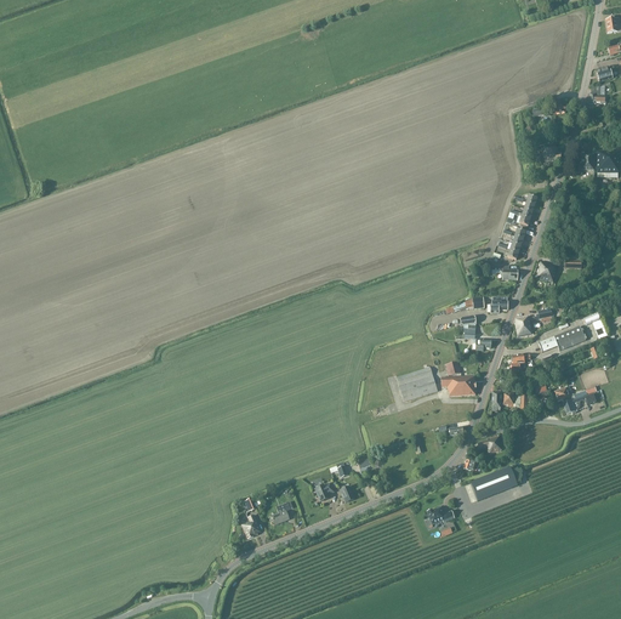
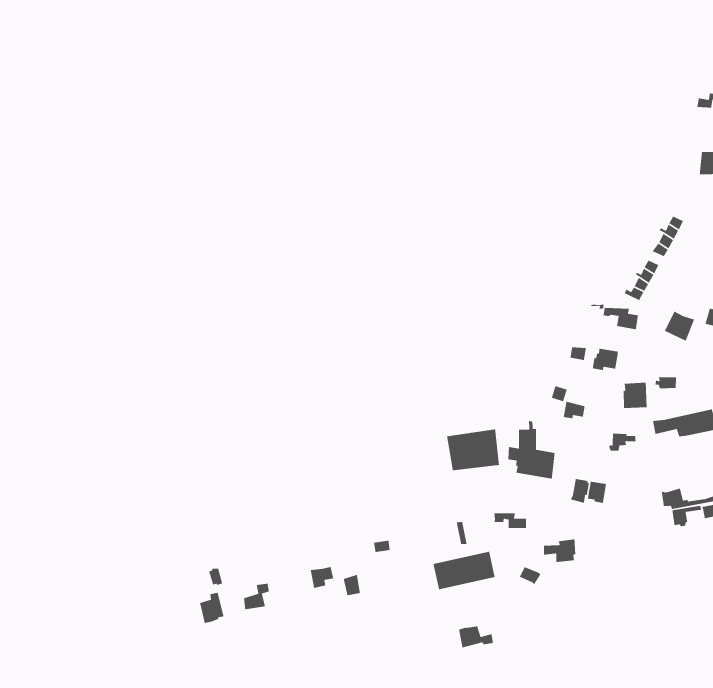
building: [472,467,518,501] -> [433,551,496,590]

